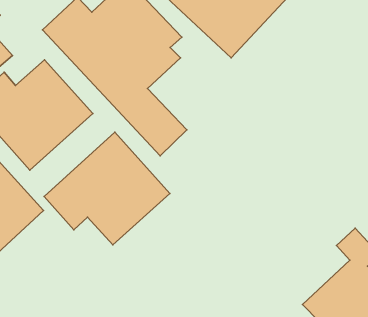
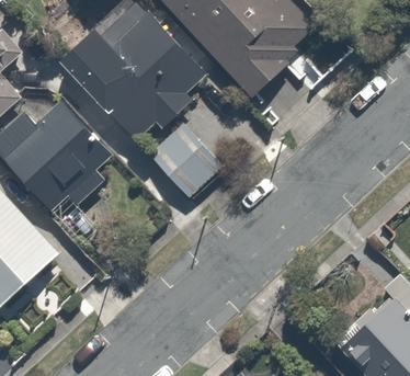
building: [44,132,170,245] -> none

